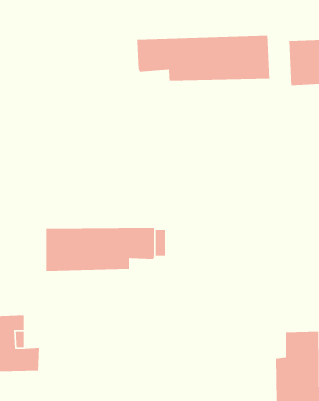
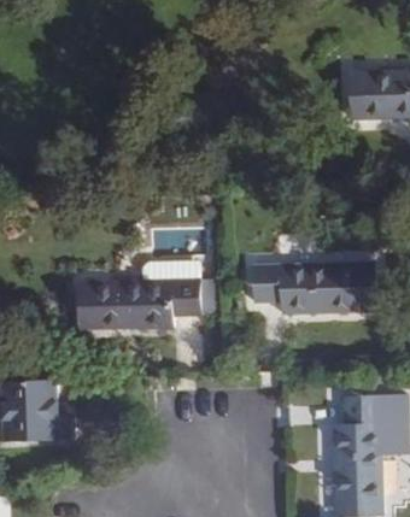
building: [136,35,270,81] -> none
building: none -> [252,262,375,312]

